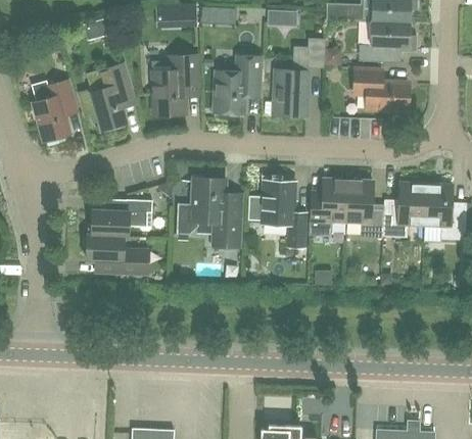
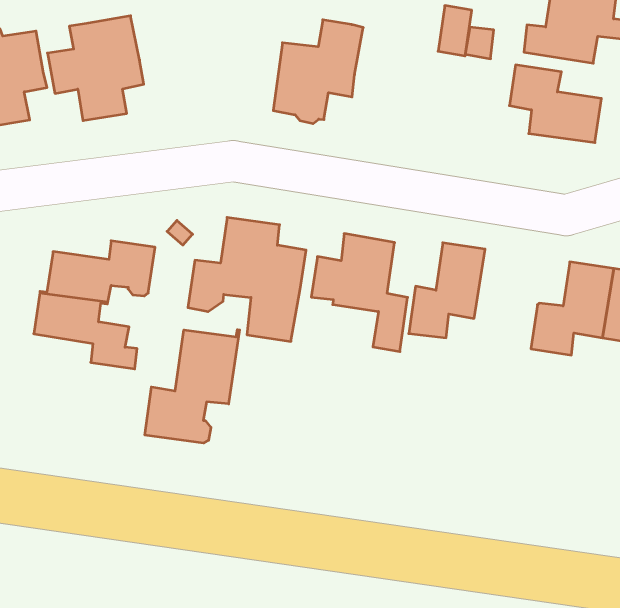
building: [152,55,198,114] -> none
building: [274,69,308,116] -> none
building: [346,181,383,239] -> none
building: none -> [145,330,240,443]

